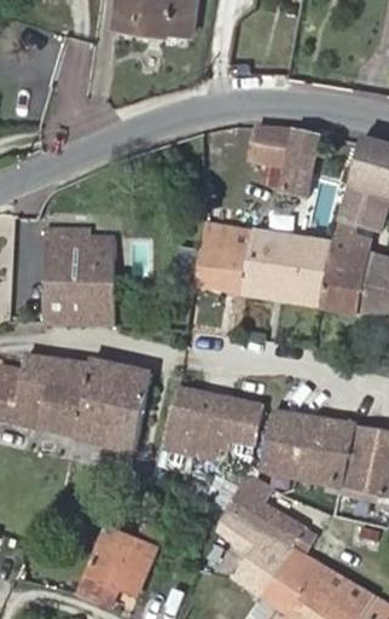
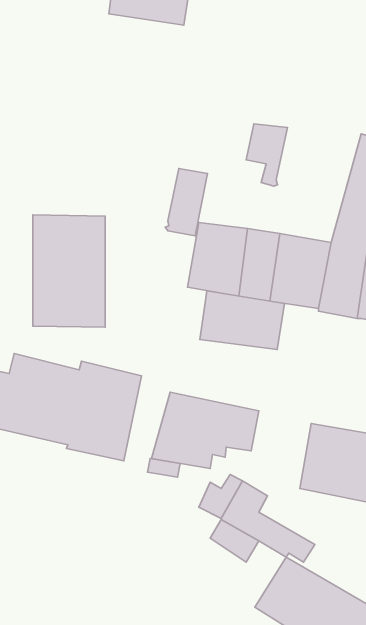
building: [277,131,318,196] -> [165,168,208,236]
building: none -> [200,291,285,350]
building: [260,410,313,480] -> none
building: [76,525,155,604] -> none
building: [234,531,289,595] -> none

